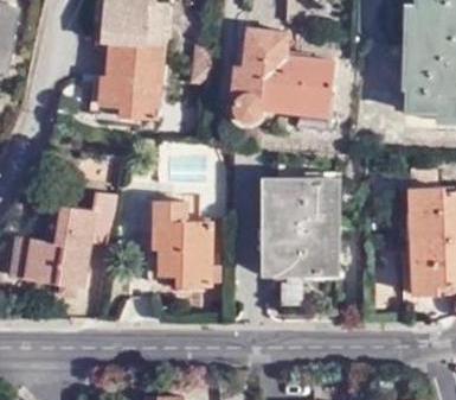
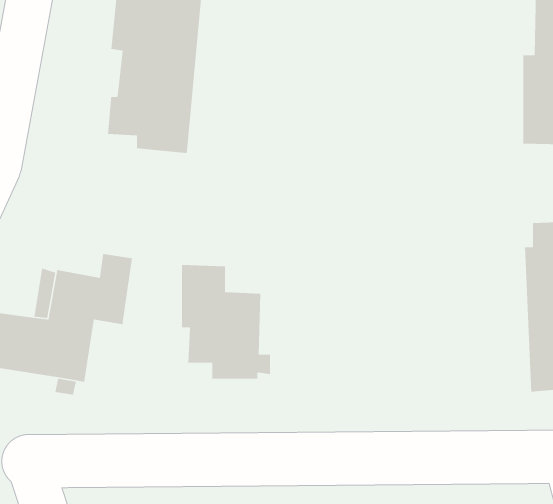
building: [230,27,333,118] -> none
building: [269,178,338,274] -> none

